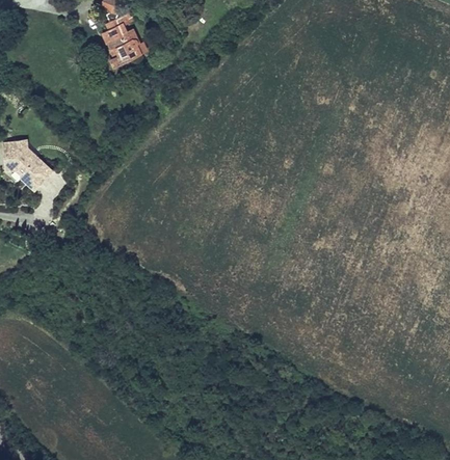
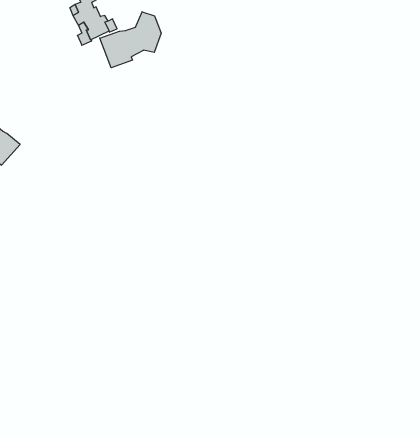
building: none -> [100,12,161,68]

